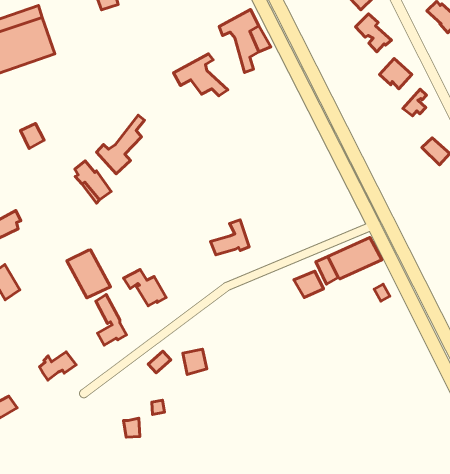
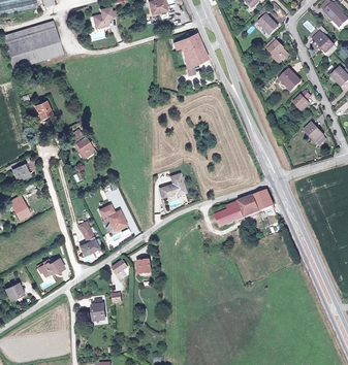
building: [173,54,228,96] -> none
building: [97,115,145,174] -> none
building: [67,250,110,298] -> none

